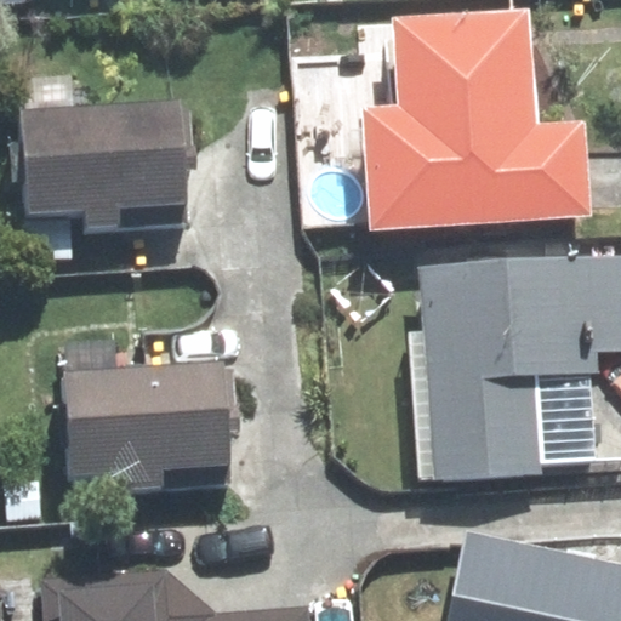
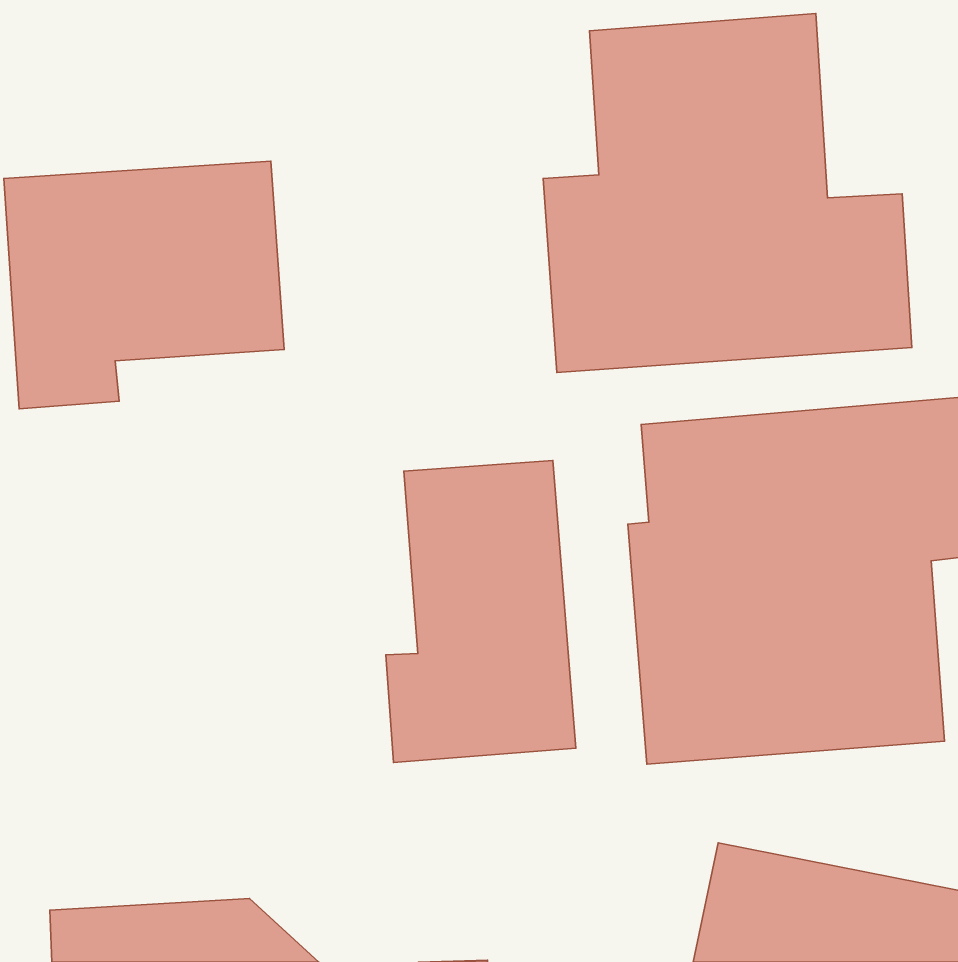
building: none -> [386,460,576,763]
building: [59,363,239,494] -> none

